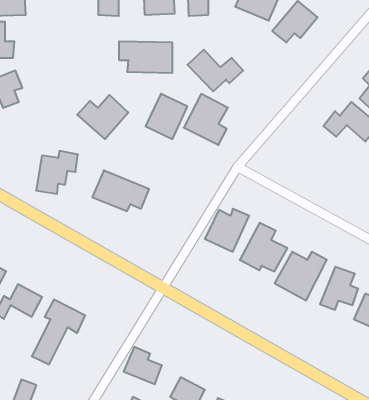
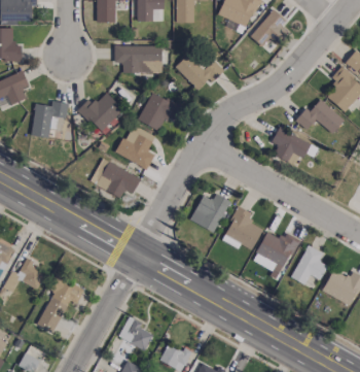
building: [184,94,228,145] -> [116,124,155,169]
building: none -> [271,127,311,164]
building: [36,151,78,194] -> [31,100,68,138]

